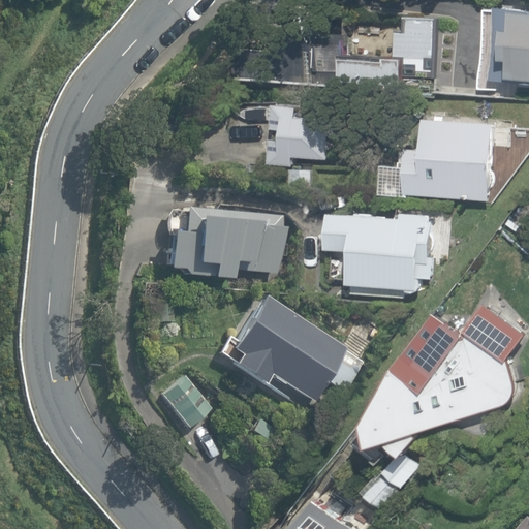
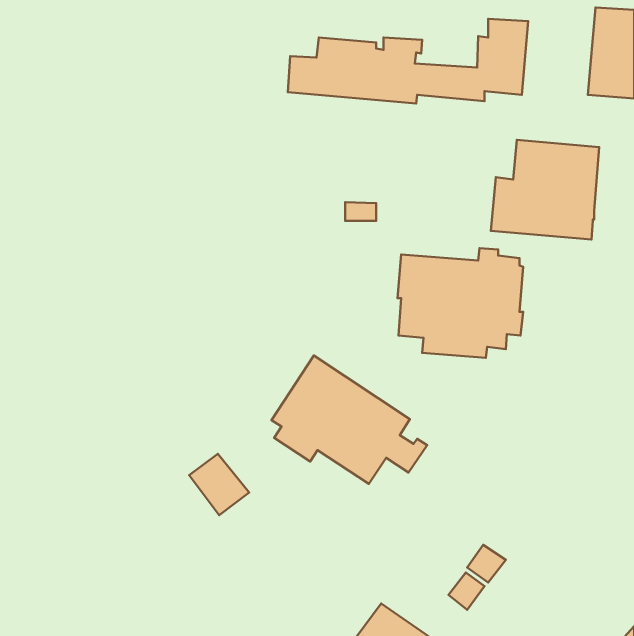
building: [272,102,335,164] -> none
building: [161,209,277,280] -> none
building: [380,321,517,455] -> none

